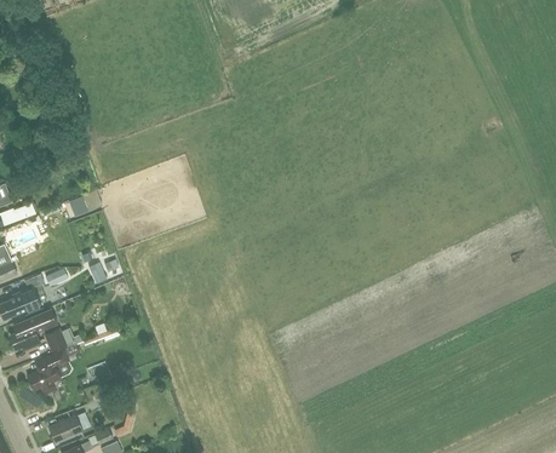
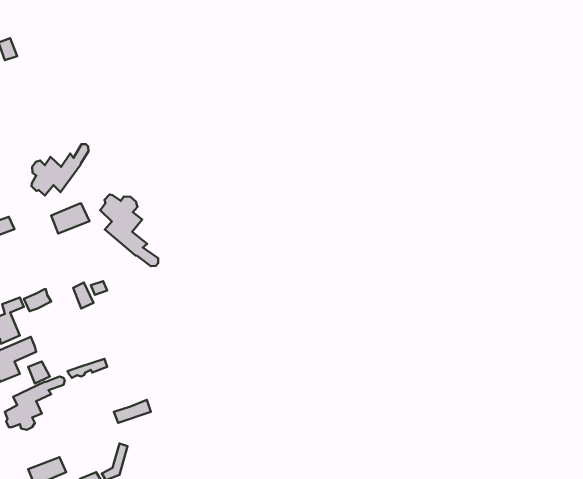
building: none -> [31,144,89,195]
building: none -> [100,194,158,266]

